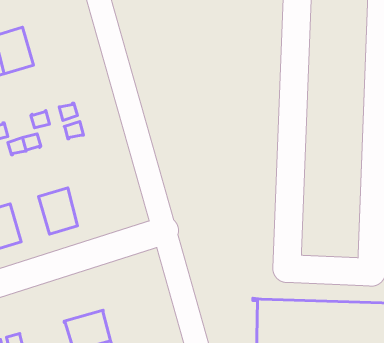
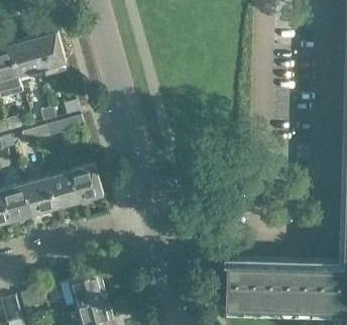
building: none -> [33,31,66,70]
building: none -> [71,164,103,202]
building: none -> [23,178,55,215]

